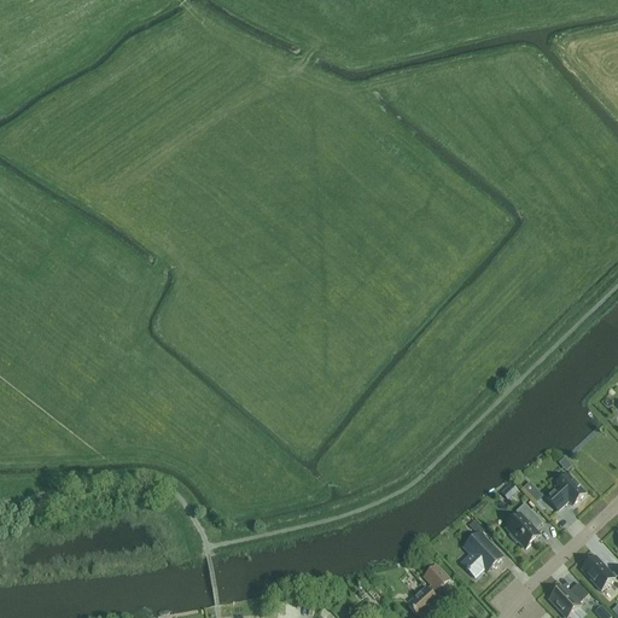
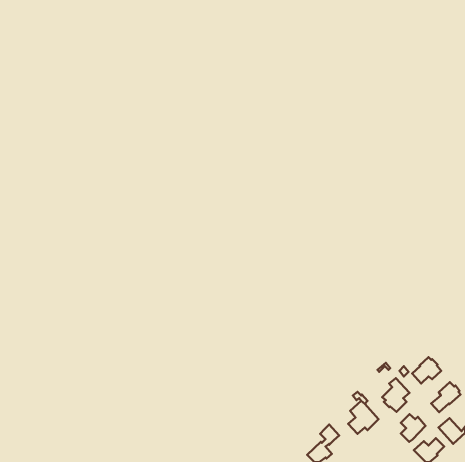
building: none -> [431,382,460,412]
building: none -> [401,414,426,442]

